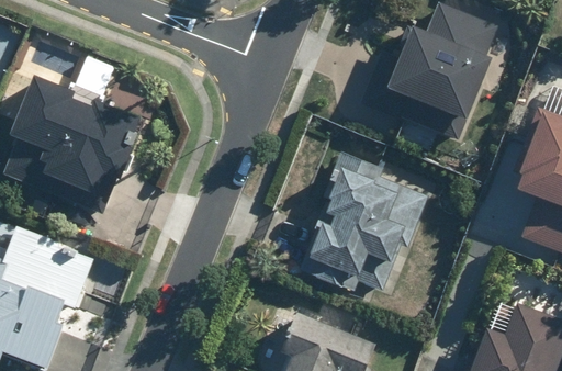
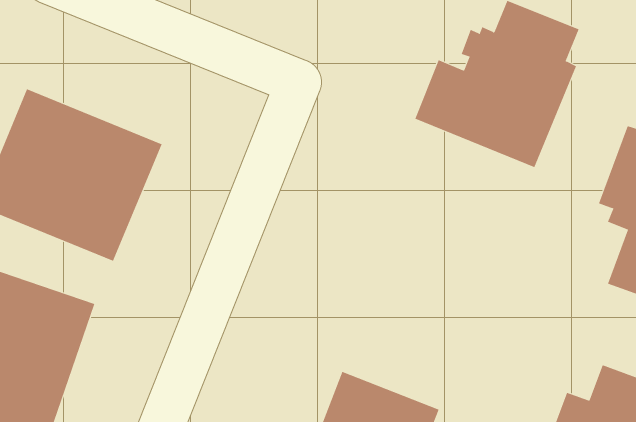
building: [299,153,426,293] -> none

